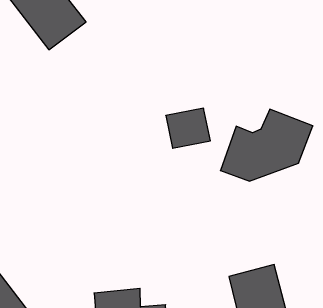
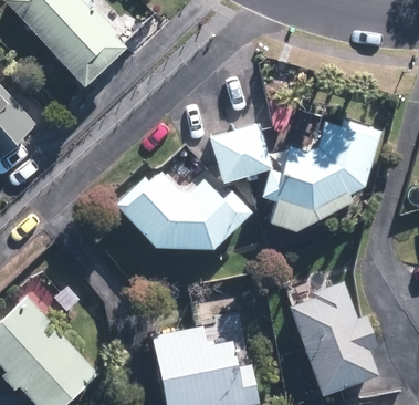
building: none -> [125,177,242,248]

